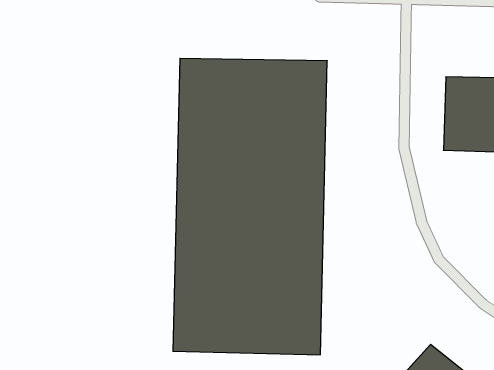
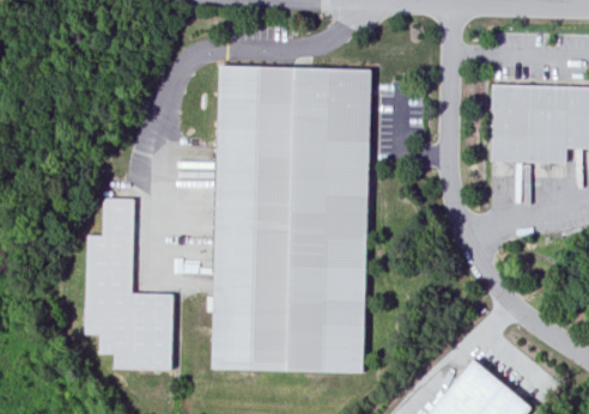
building: none -> [85,197,172,369]

